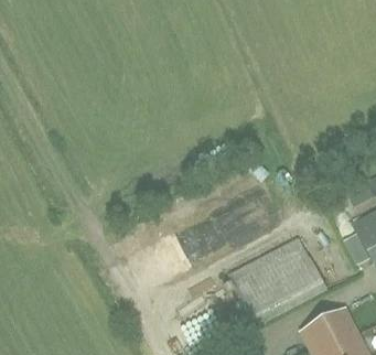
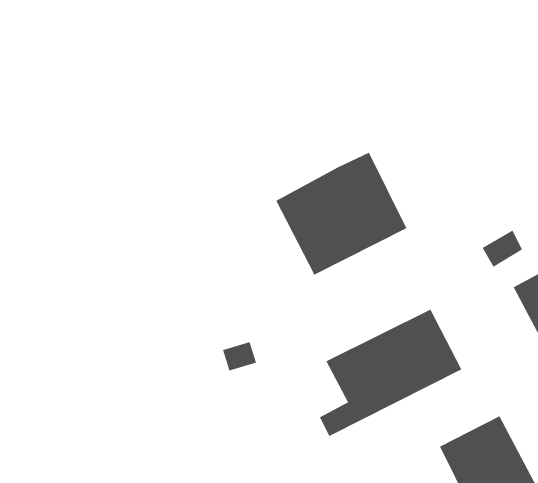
building: none -> [275,152,407,276]

